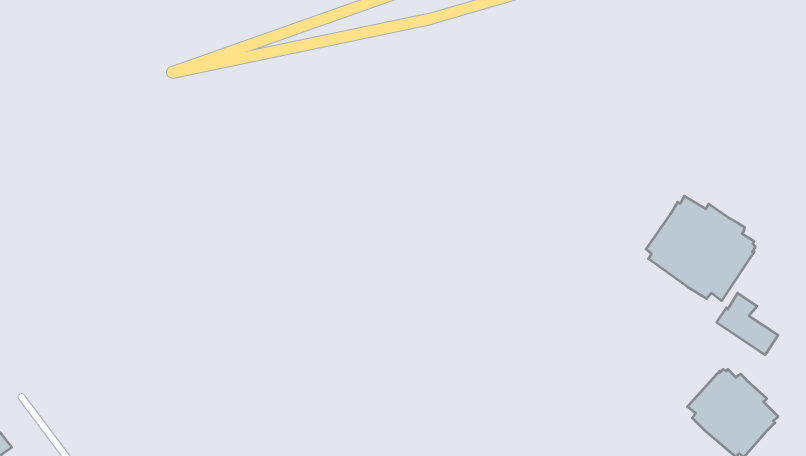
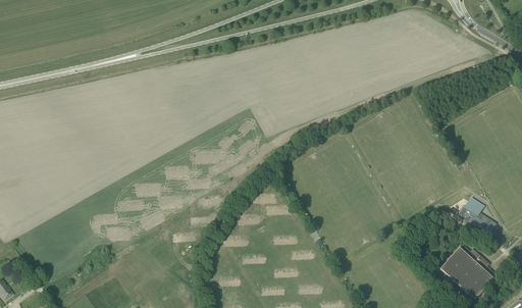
building: [646,196,755,301] -> none

